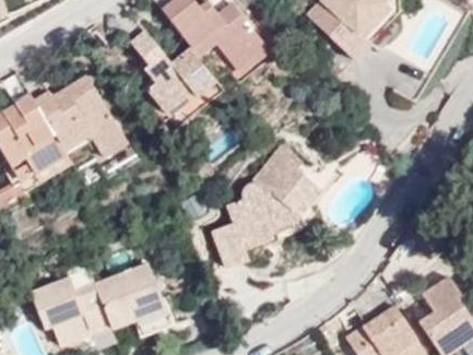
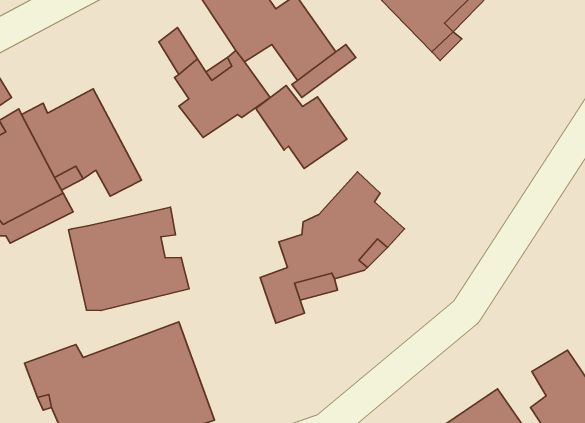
building: none -> [256,85,347,168]
building: none -> [69,207,189,310]

